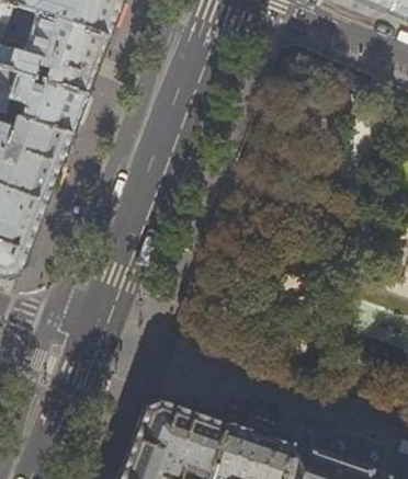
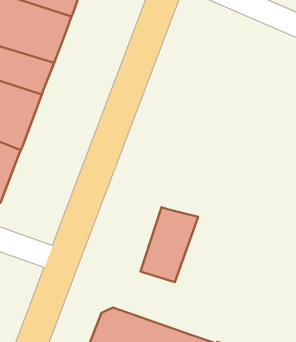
building: none -> [141,207,198,282]

